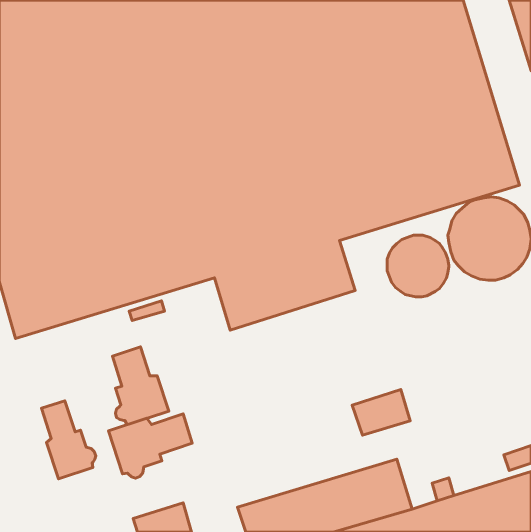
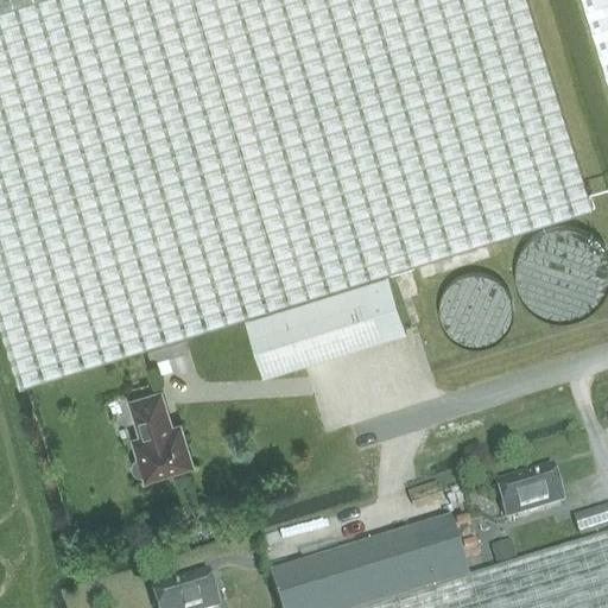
building: [352,389,410,435] -> [496,468,563,520]
building: [41,401,96,479] -> none
building: [108,414,192,478] -> none

